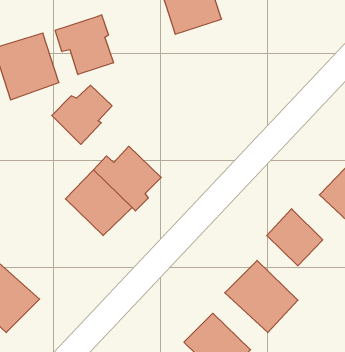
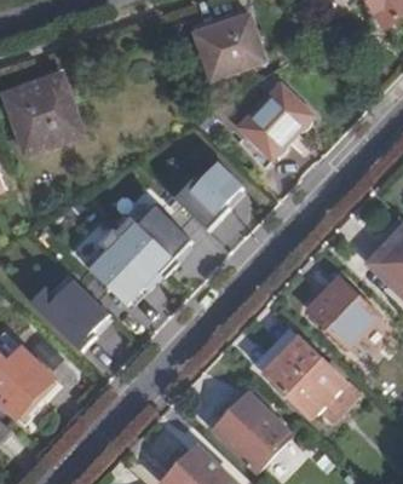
building: [55,15,113,75] -> none
building: none -> [238,87,311,160]
building: [52,85,112,144] -> [173,166,241,232]
building: none -> [30,284,109,352]

